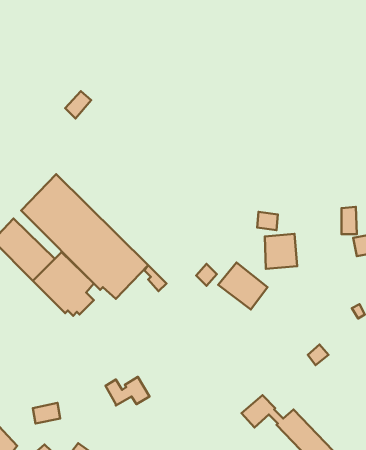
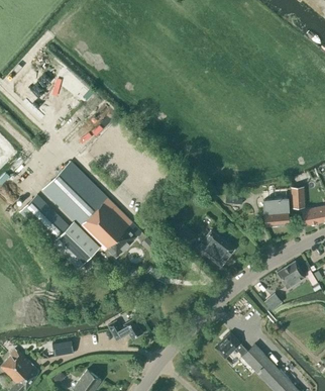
building: [265,234,297,269] -> [263,198,289,225]
building: none -> [277,261,305,287]

